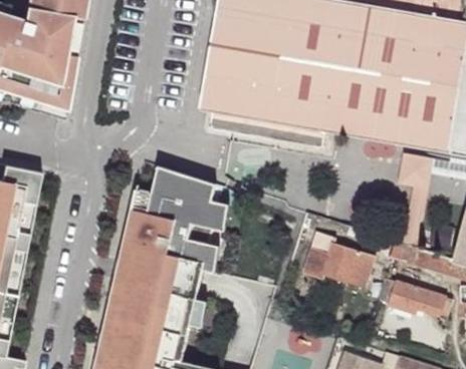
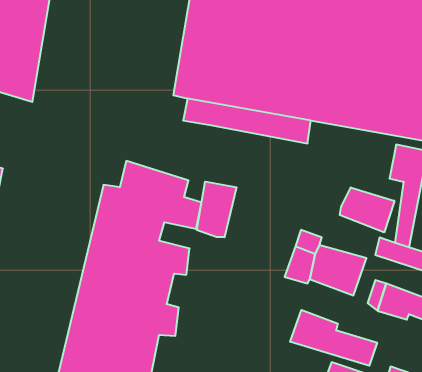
building: none -> [197,182,236,237]
building: none -> [340,187,394,232]
building: none -> [290,310,377,366]

